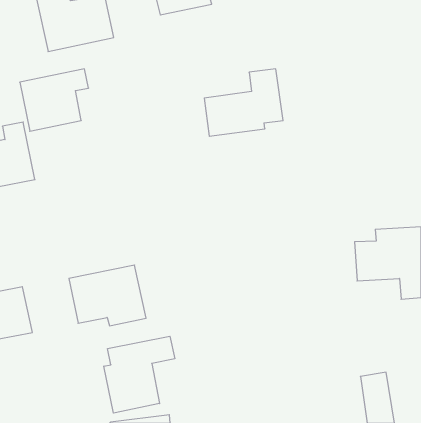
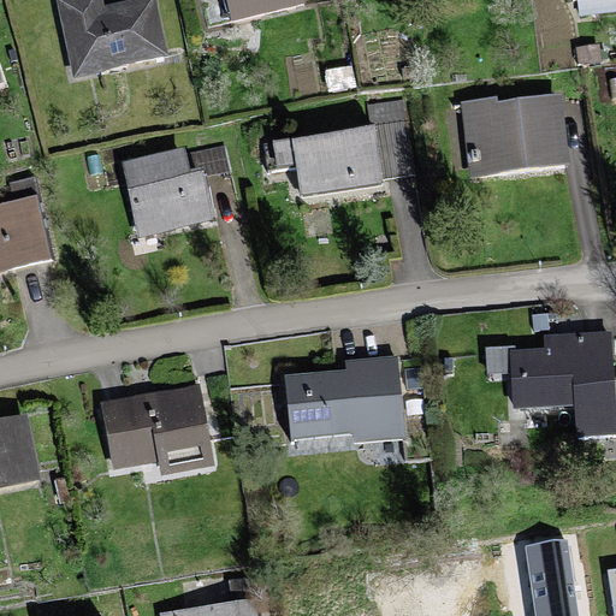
building: none -> [462,94,568,177]
building: [20,69,89,131] -> [123,143,223,233]
building: none -> [289,356,405,442]
building: [104,336,175,413] -> none

